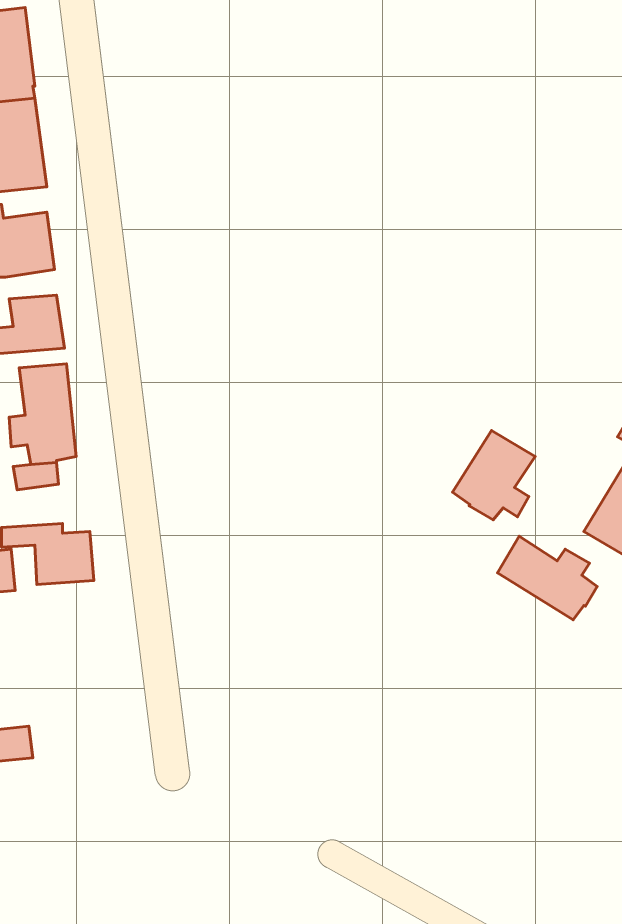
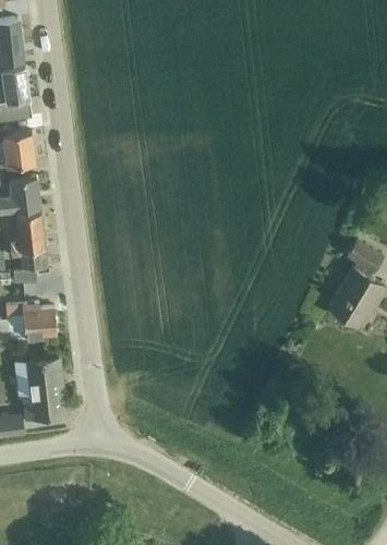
building: [453,431,535,520] -> none
building: [498,536,597,620] -> none
building: none -> [19,361,64,421]

